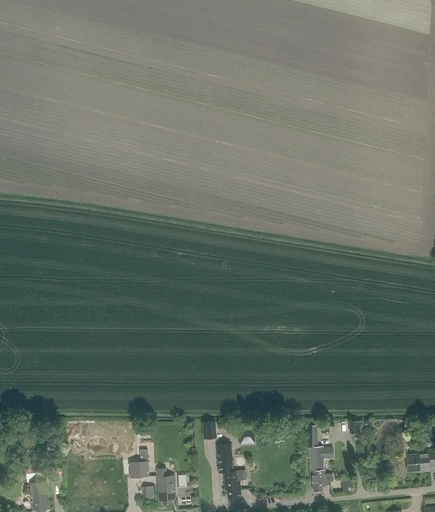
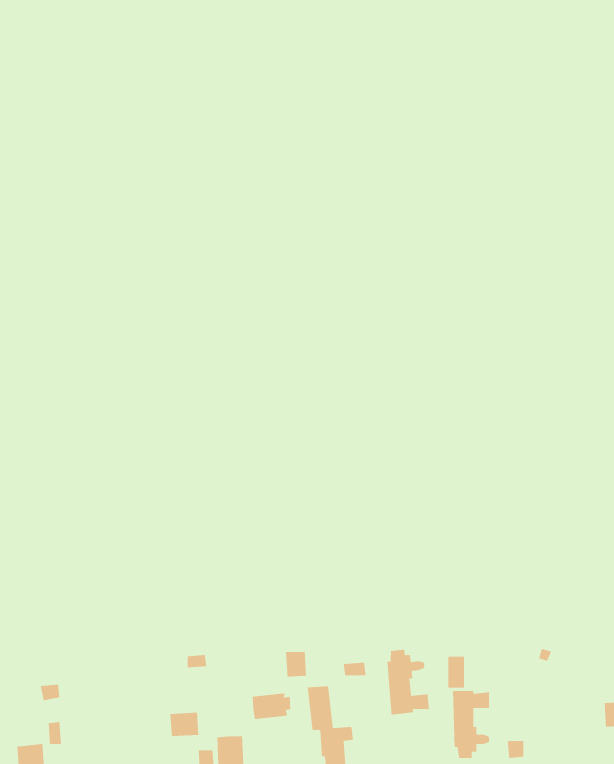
building: none -> [387,649,430,715]
building: none -> [252,692,291,720]

